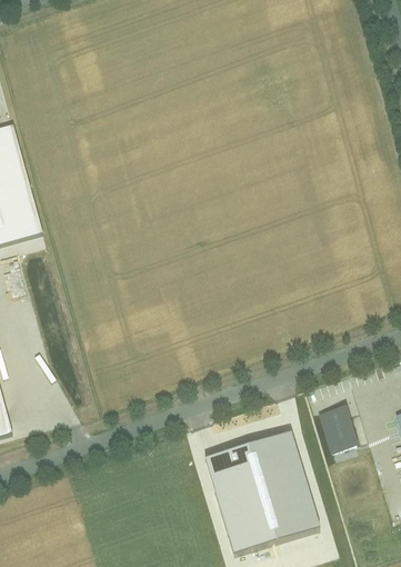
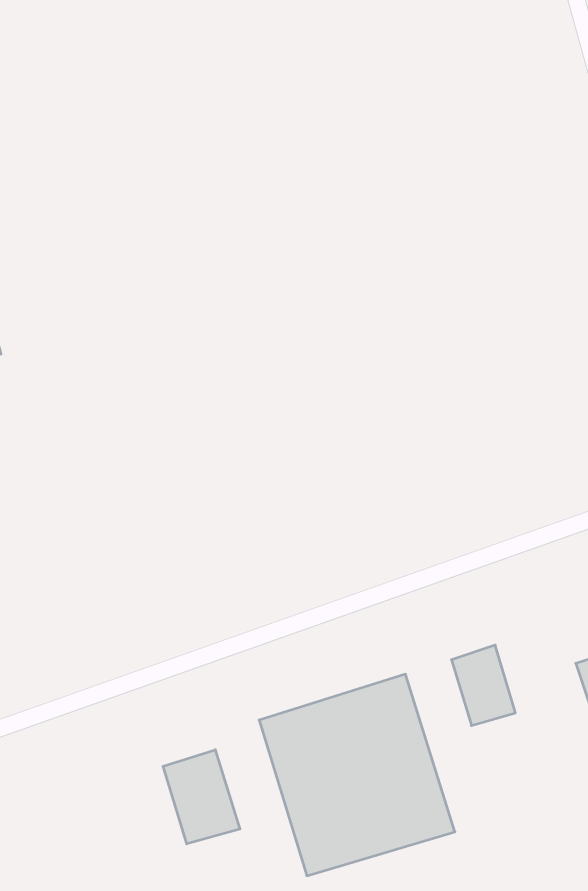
building: none -> [163,750,240,844]

